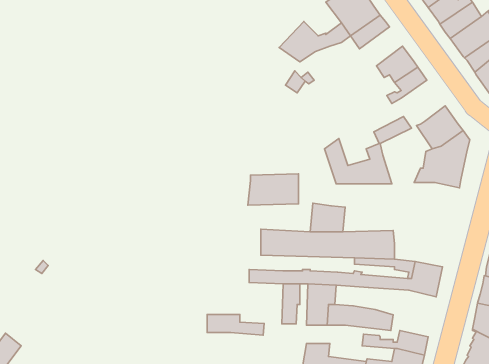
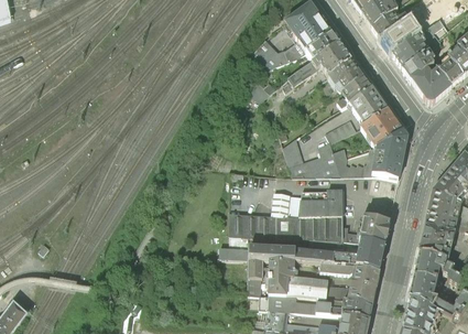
building: none -> [290,41,350,84]
building: none -> [349,86,387,123]
building: none -> [334,146,366,174]
building: [248,174,298,205] -> [300,188,342,215]
building: none -> [344,216,390,245]
building: none -> [320,262,379,304]
building: [207,314,264,335] -> [269,294,317,312]

